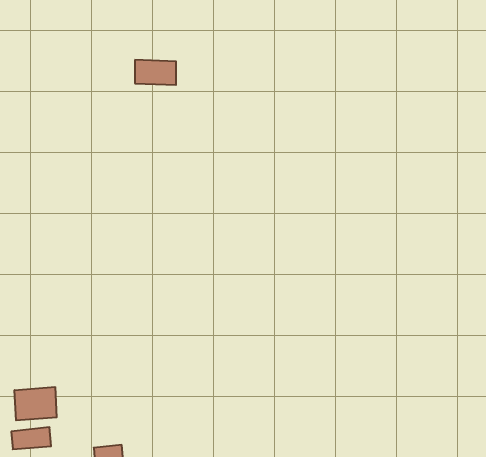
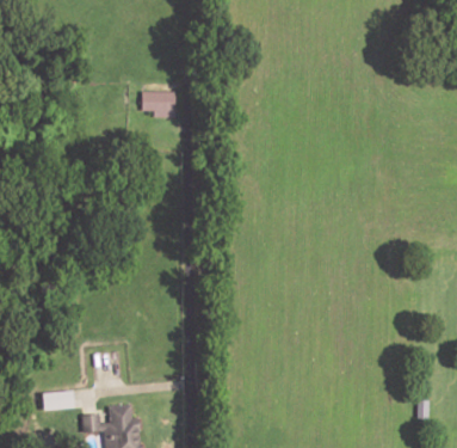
building: [15,387,57,420] -> none

